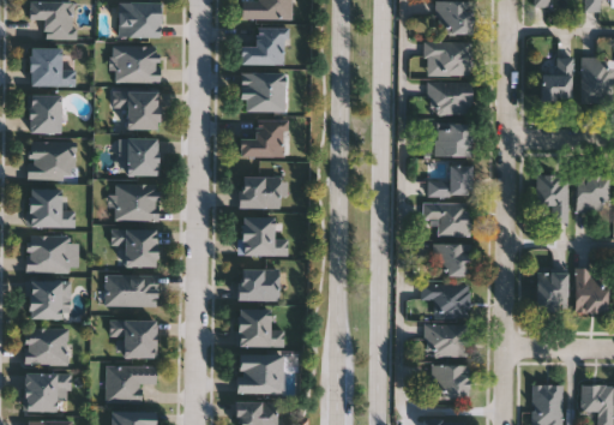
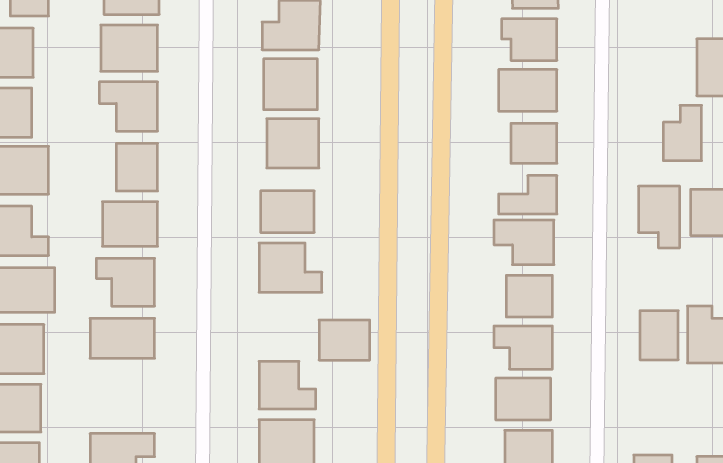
building: [541,56,571,100] -> [663,105,702,161]
building: [239,269,278,300] -> [319,320,370,360]
building: [110,319,157,358] -> none

